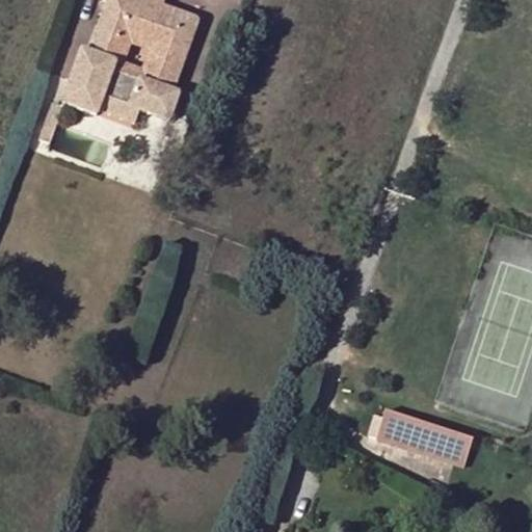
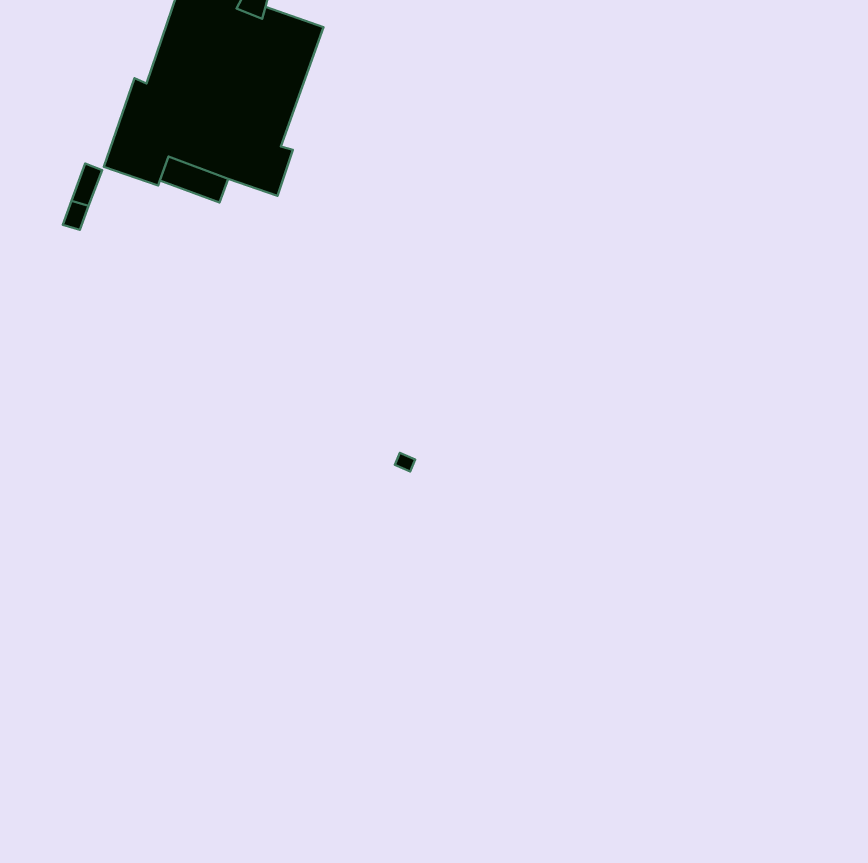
building: [374,408,472,467] -> none

